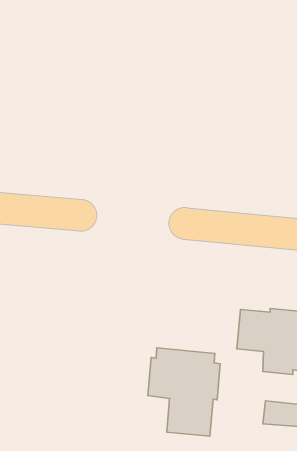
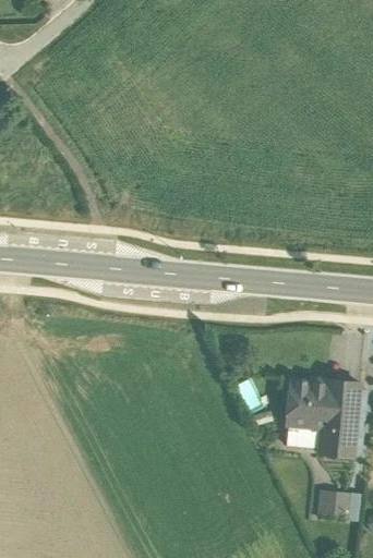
building: [148,348,220,436] -> none

